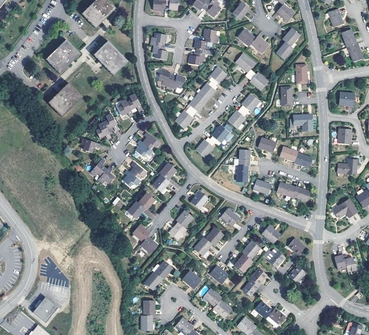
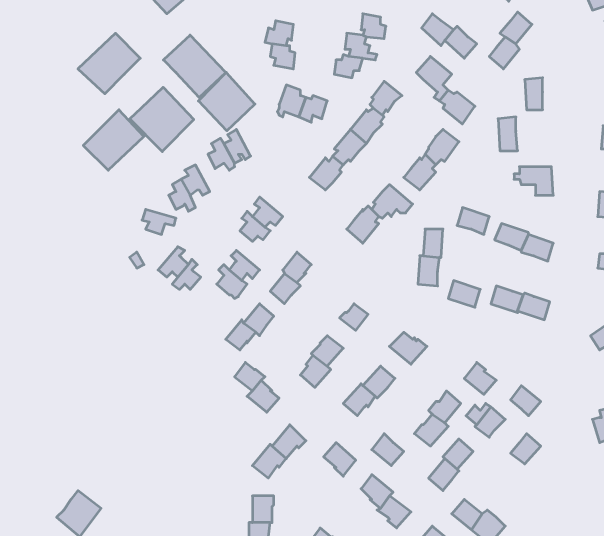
building: none -> [198,72,255,131]
building: none -> [130,87,194,152]

